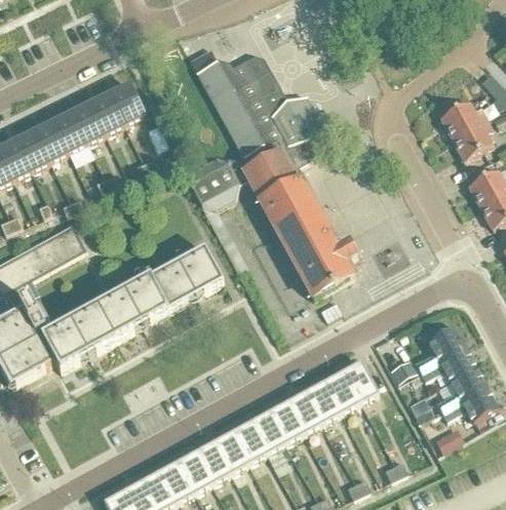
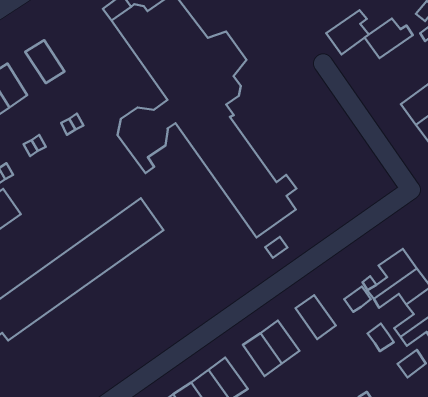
building: [90,91,125,133] -> none
building: [452,119,493,160] -> [326,10,369,55]
building: [323,370,359,413] -> none
building: [268,400,304,443] -> none

